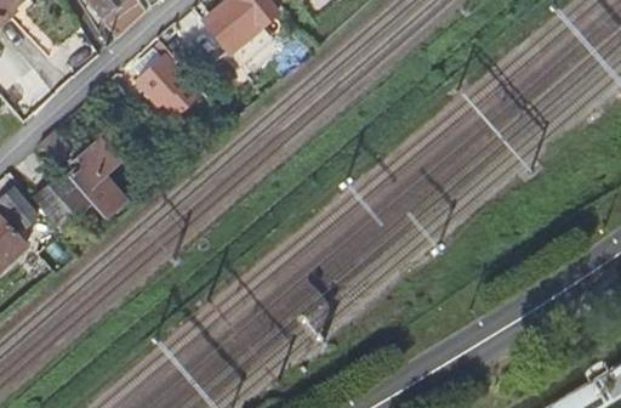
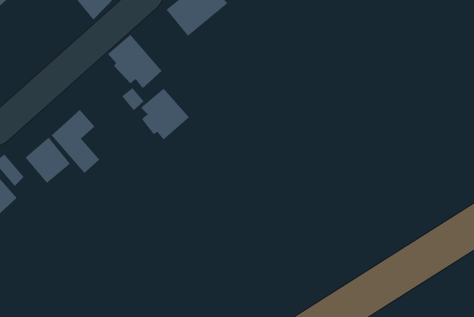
building: none -> [140,88,190,140]

